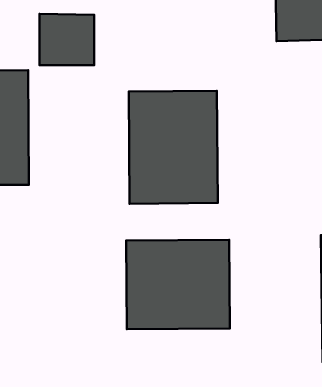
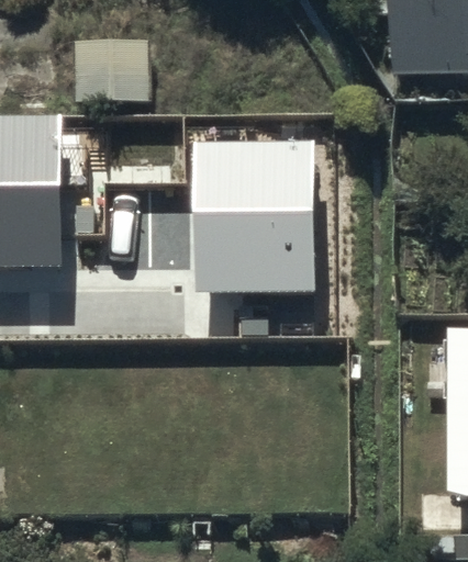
building: [126,240,230,329] -> none

